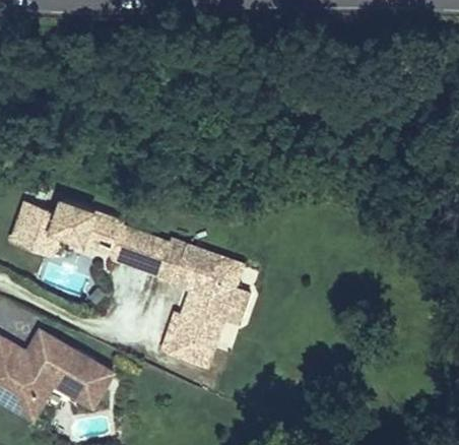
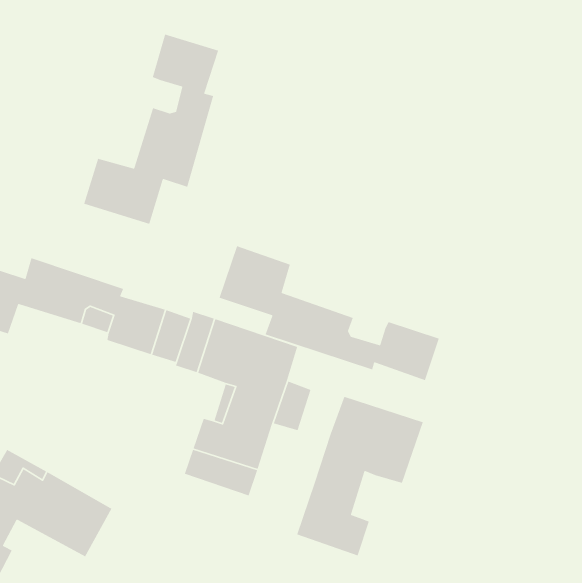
building: none -> [83,34,219,225]
building: none -> [218,245,440,381]
building: none -> [296,396,424,557]

